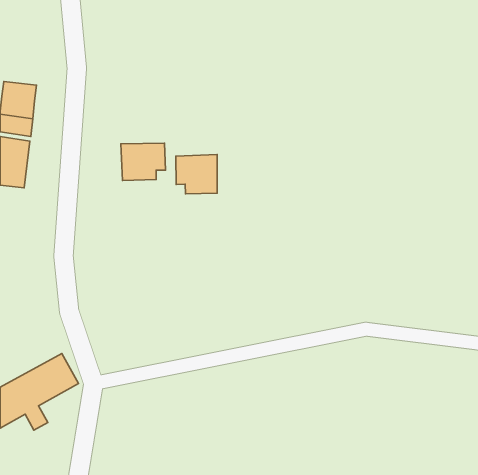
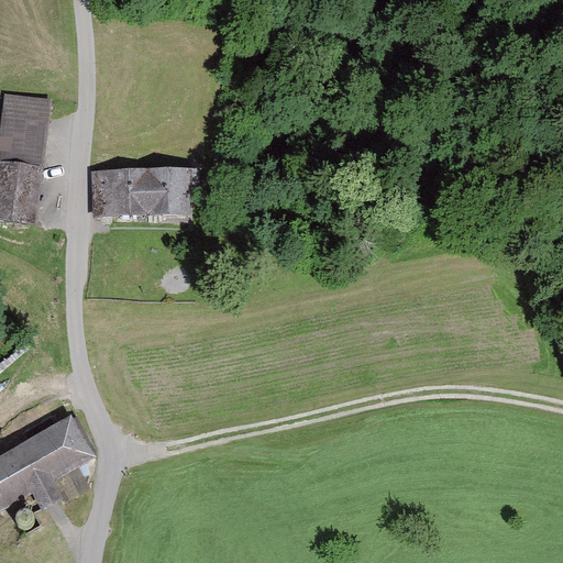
building: none -> [90,169,144,212]
building: [176,155,217,194] -> none

